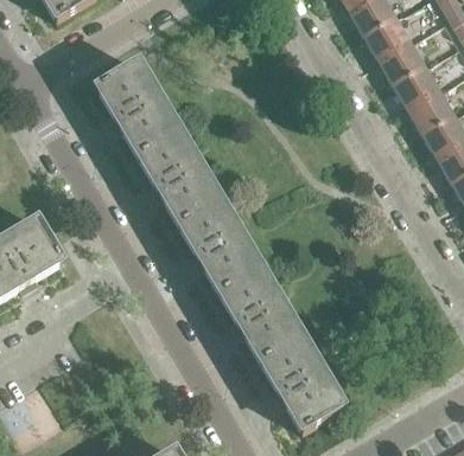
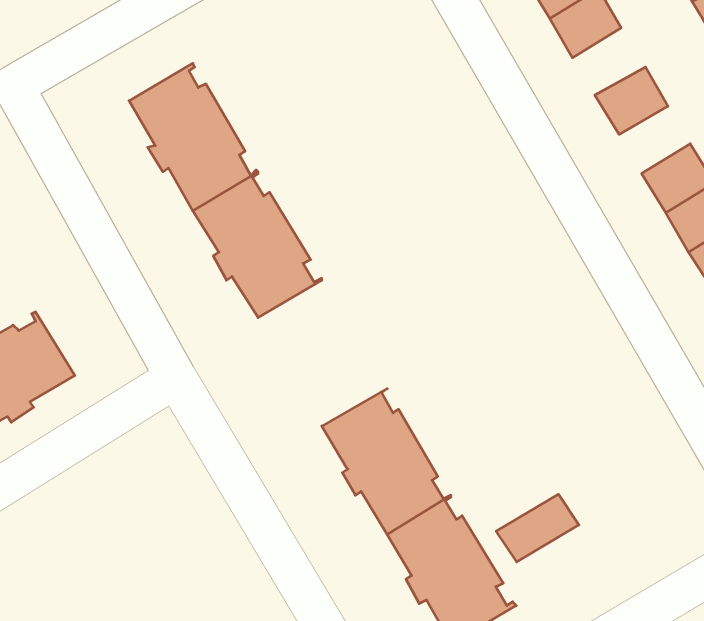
building: [377,39,424,82] -> none
building: [407,89,452,131] -> none
building: [178,199,260,291] -> none
building: none -> [496,494,579,562]

